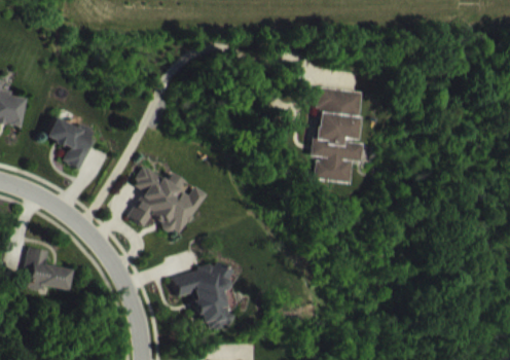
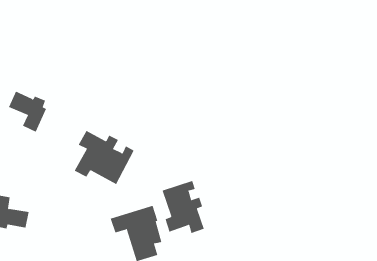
building: [313,85,363,182] -> none
building: none -> [162,180,204,234]

